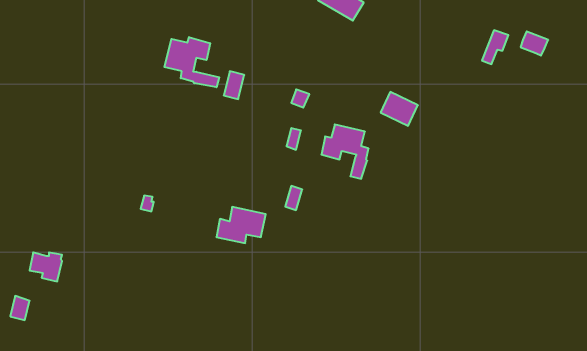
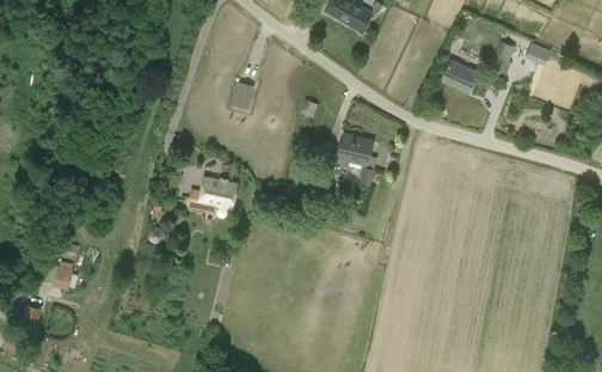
building: [164,37,219,87] -> none
building: [381,92,418,126] -> [440,60,477,93]
building: [216,207,266,243] -> [186,177,235,213]

